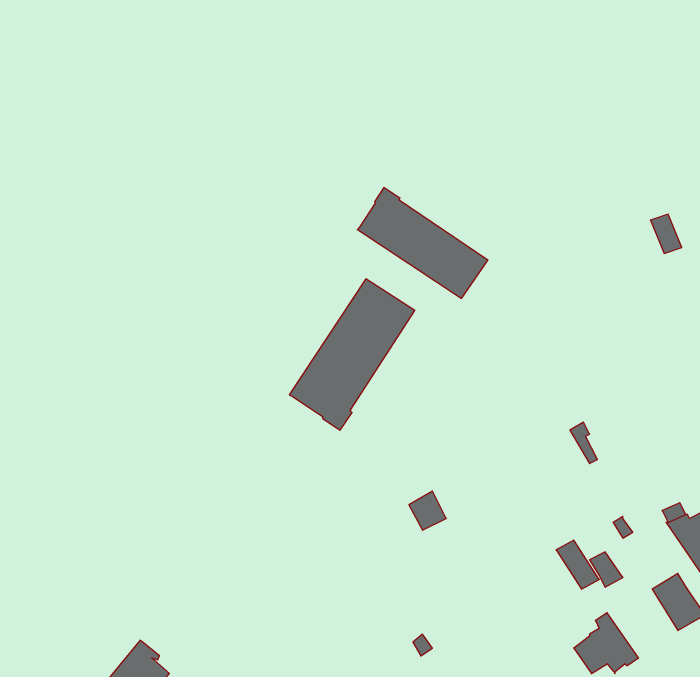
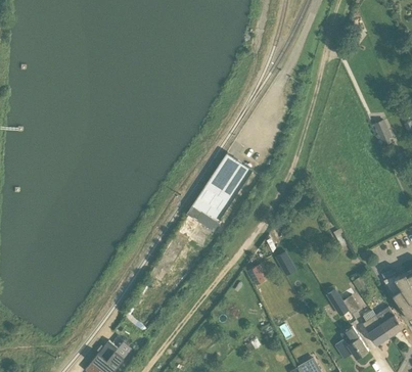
building: [357,187,488,298] -> none
building: none -> [362,315,388,345]

